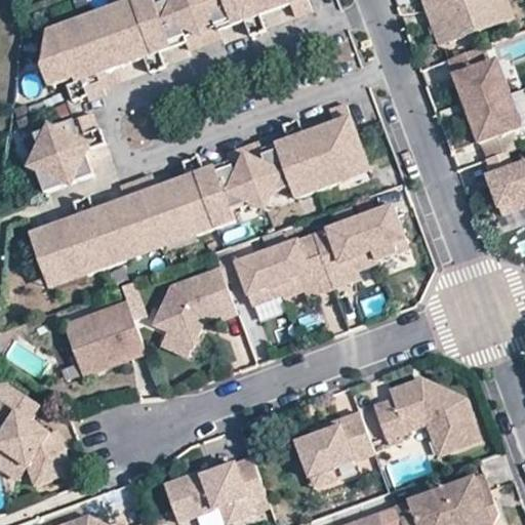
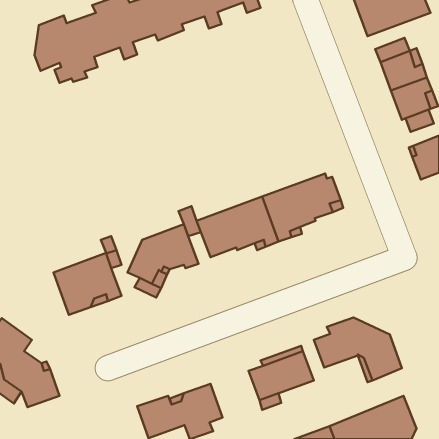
building: [34,104,365,277] -> none
building: [31,112,103,191] -> none

